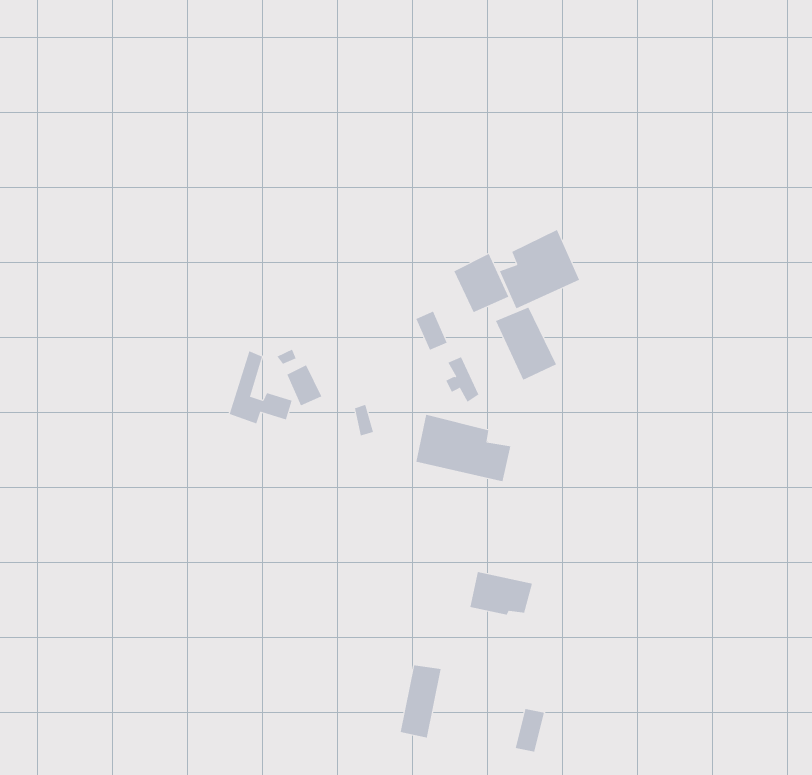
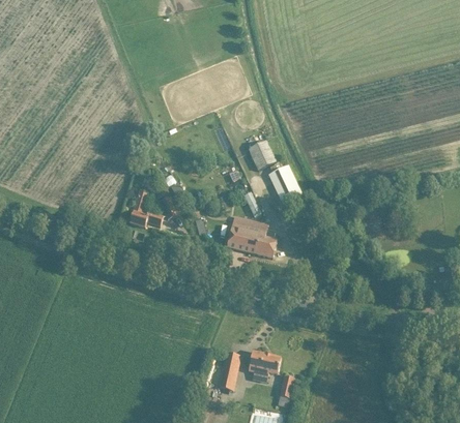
building: [499,229,580,309] -> none
building: [469,571,533,615] -> [249,351,282,373]

